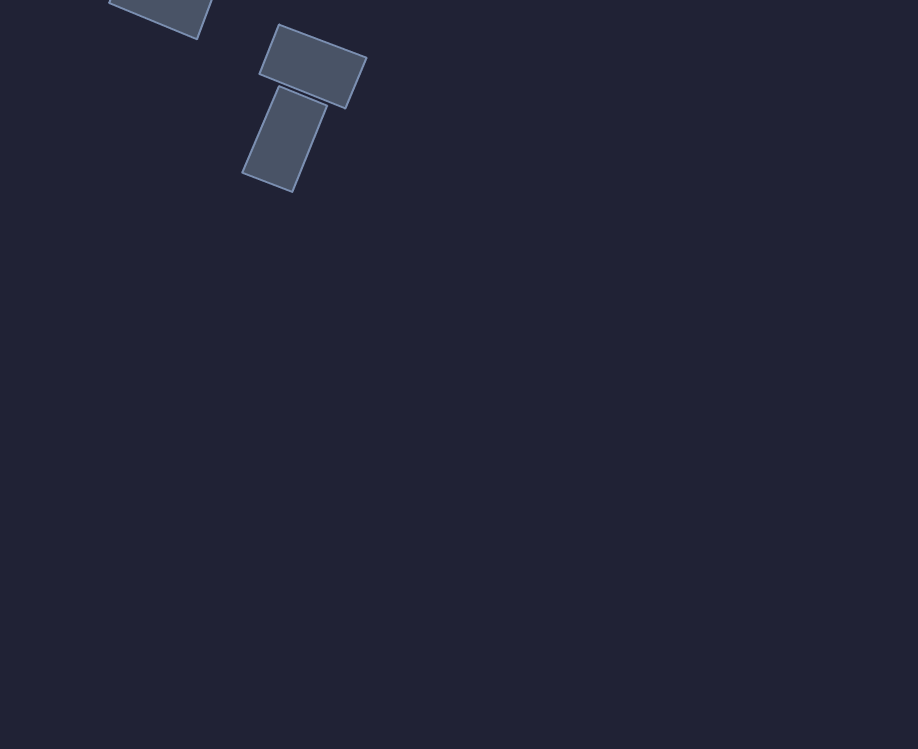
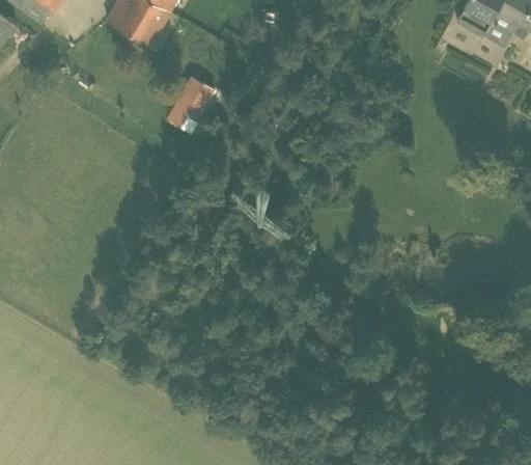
building: [259,24,366,109] -> none

